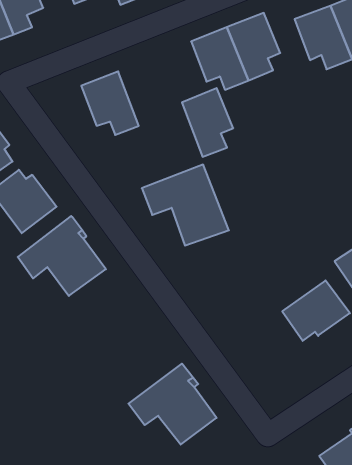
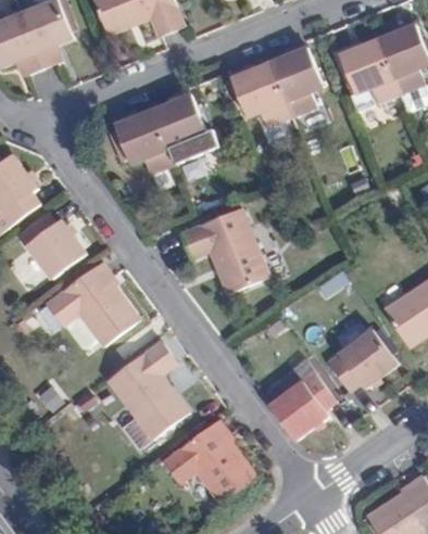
building: [182,88,233,157] -> [152,92,206,165]
building: none -> [108,341,189,437]
building: none -> [268,370,336,440]

